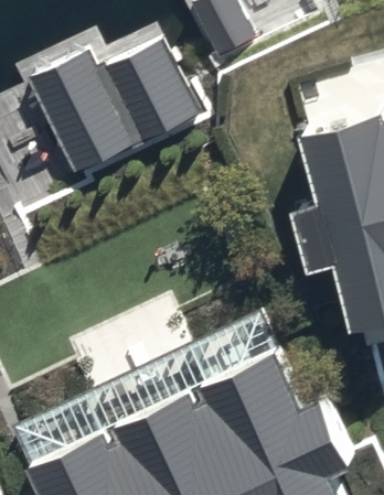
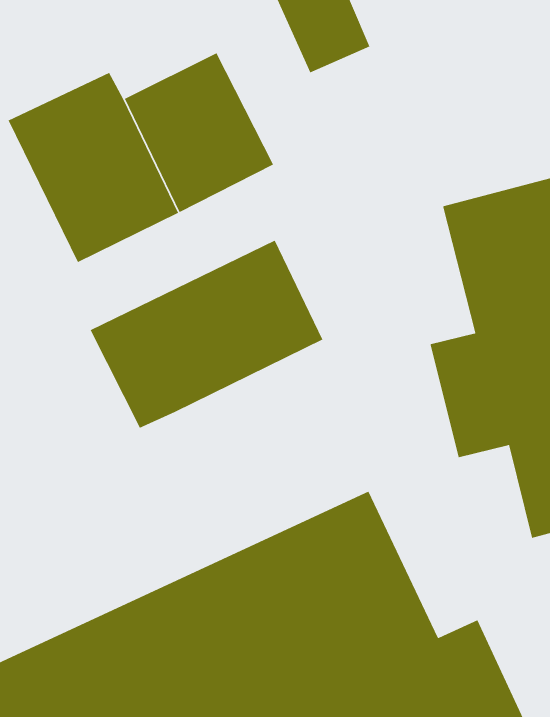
building: none -> [90,240,323,429]

